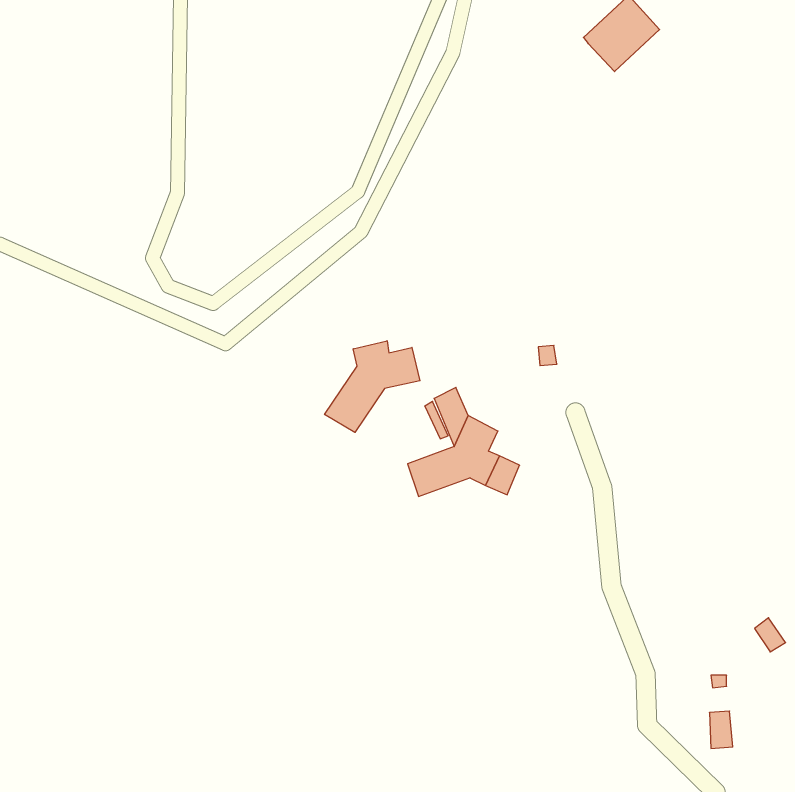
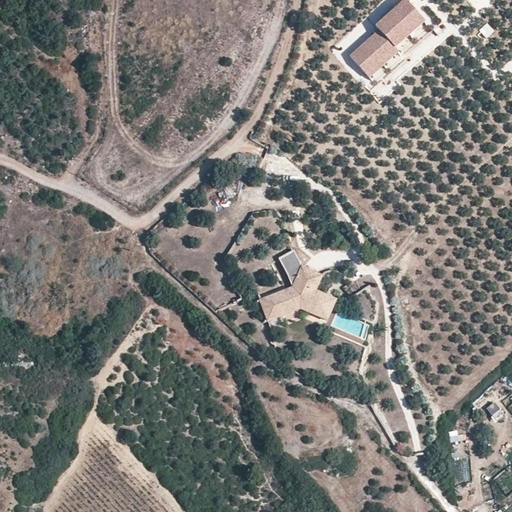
building: none -> [349,28,399,77]
building: [325,341,420,432] -> none

